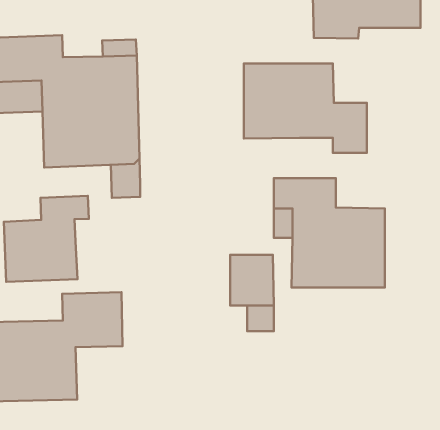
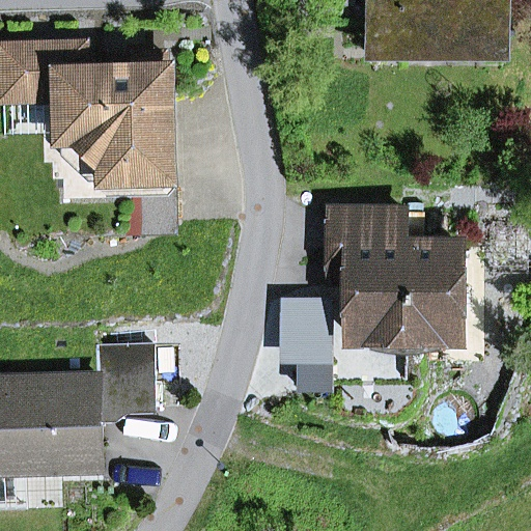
building: [244,63,367,153] -> none
building: [4,196,89,282] -> none

